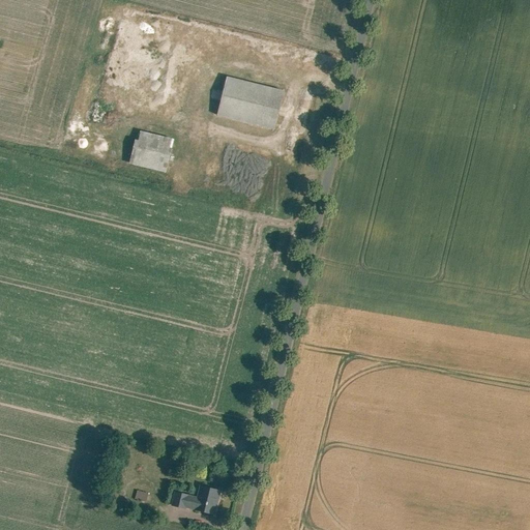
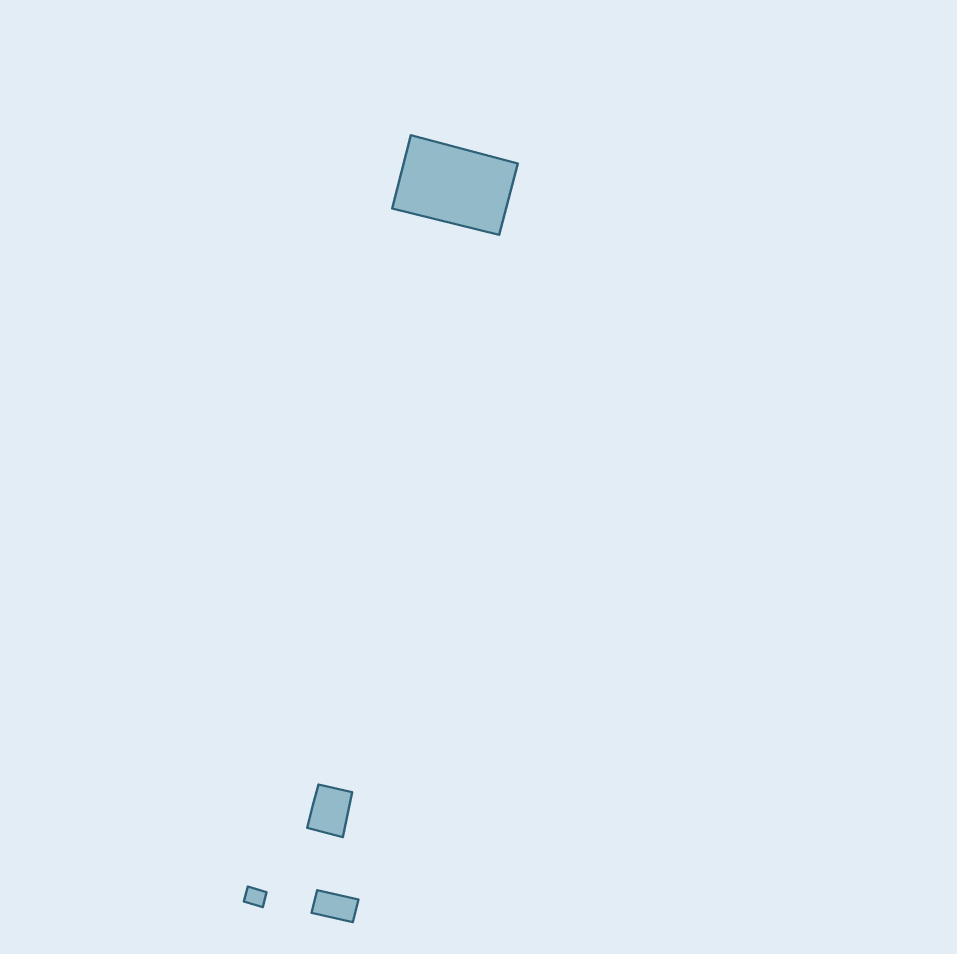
building: [129,130,174,172] -> none
building: [195,484,219,513] -> [307,785,352,837]

